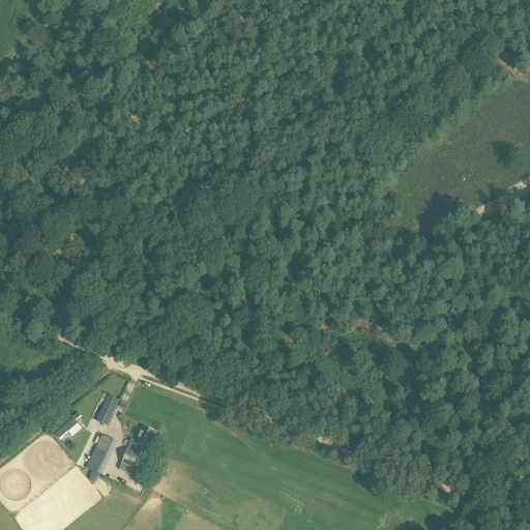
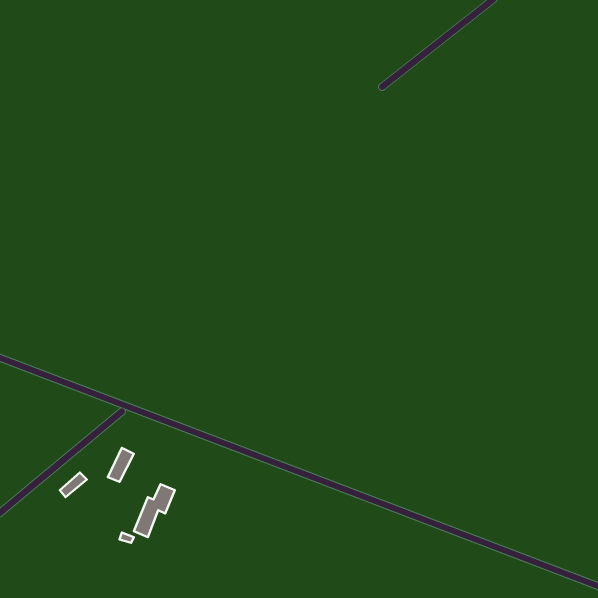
building: [85,435,117,476] -> none

